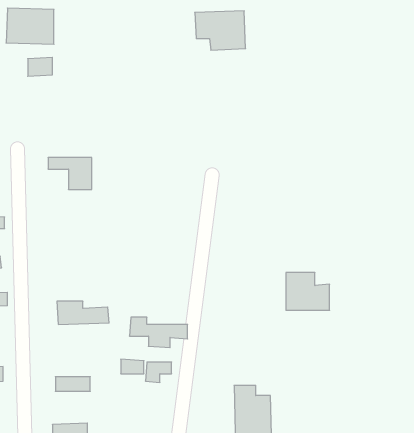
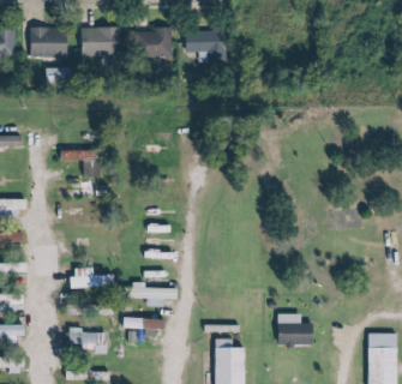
building: none -> [80,26,120,55]
building: none -> [133,29,169,56]
building: [286,273,330,310] -> [278,313,314,344]

